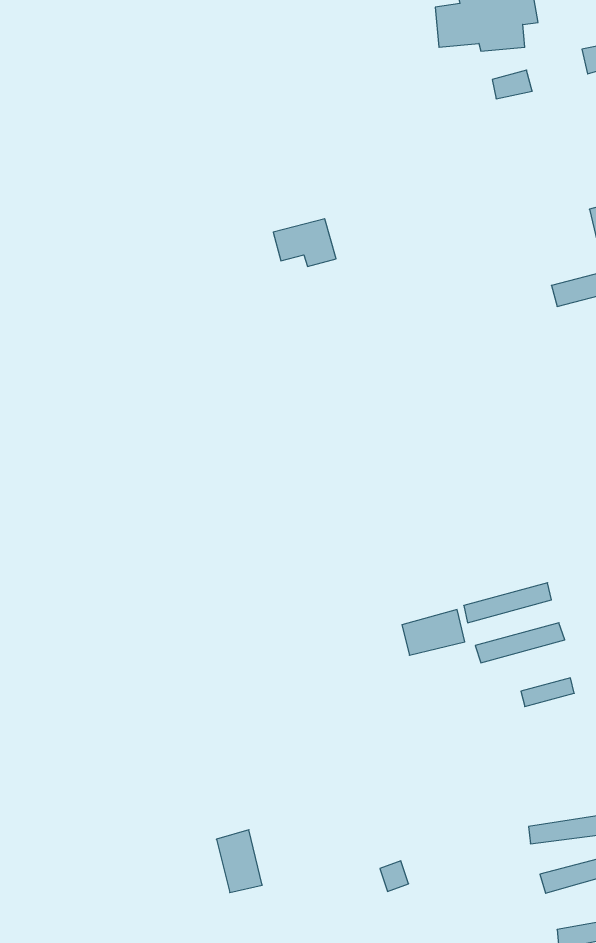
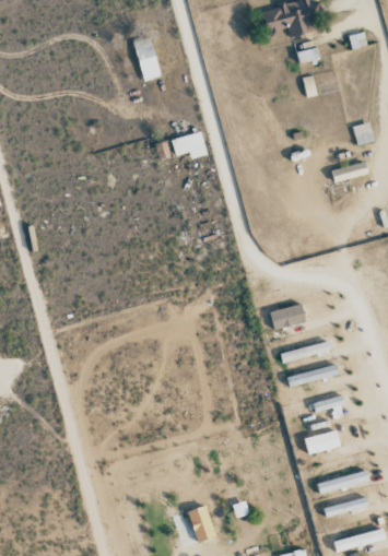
building: none -> [133,36,162,81]
building: [402,610,465,655] -> [270,303,306,329]
building: none -> [304,428,341,454]
building: [216,830,262,893] -> [189,505,215,541]

